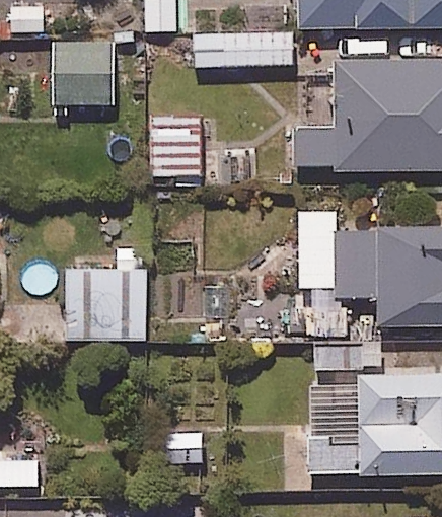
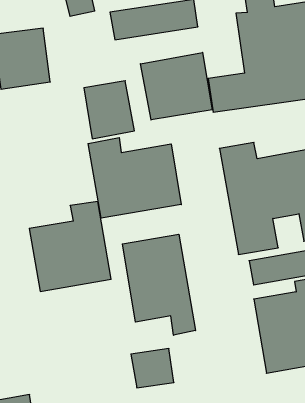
building: none -> [140,52,212,120]
building: none -> [88,138,181,218]
building: none -> [122,234,195,335]

